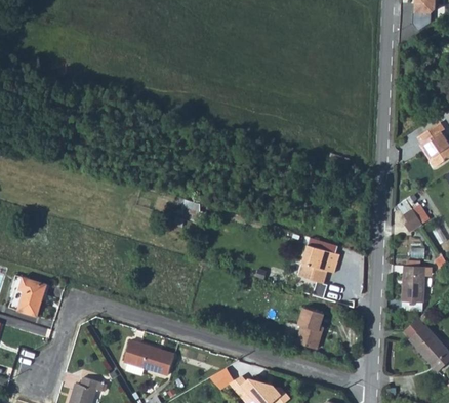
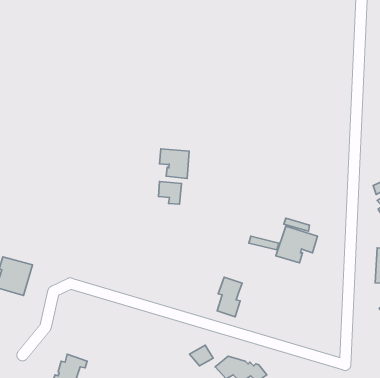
building: none -> [159,149,189,178]
building: [298,308,324,349] -> [217,277,242,317]
building: [124,339,174,375] -> none

